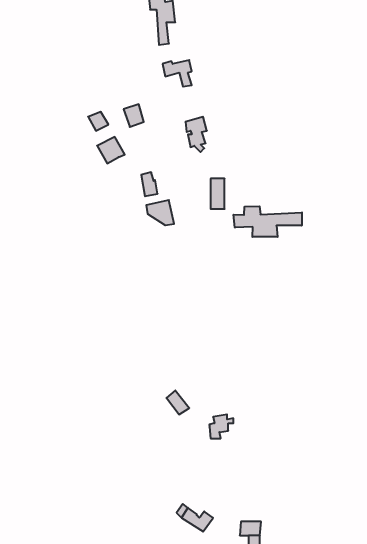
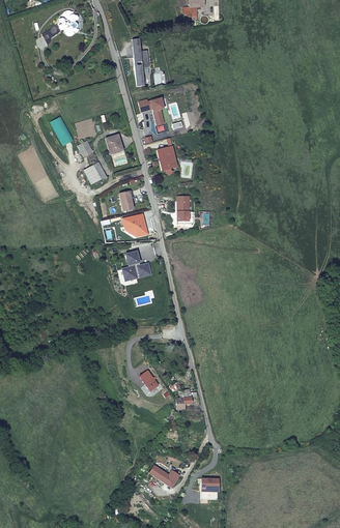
building: [234,206,302,237] -> none
building: none -> [123,252,150,278]

